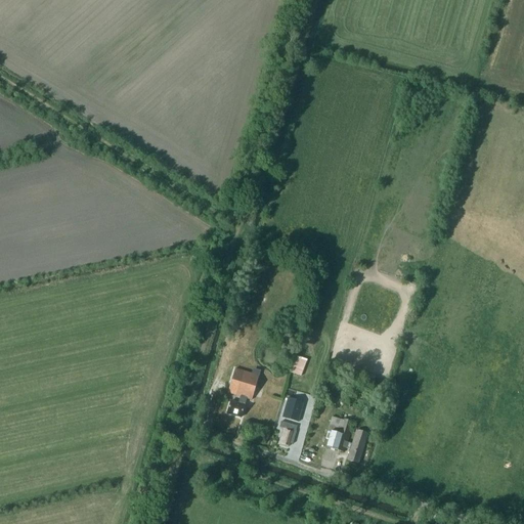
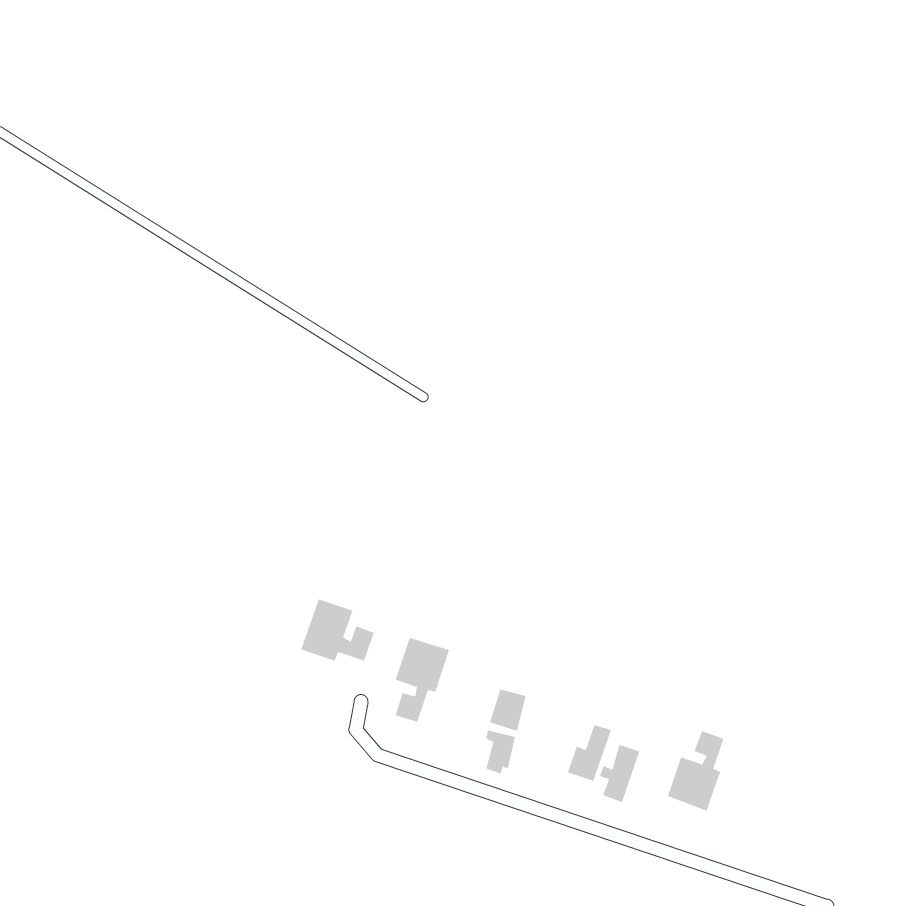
building: none -> [300,599,374,661]
building: none -> [667,730,724,812]

